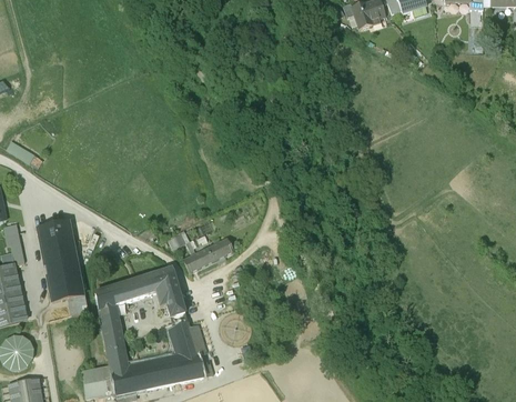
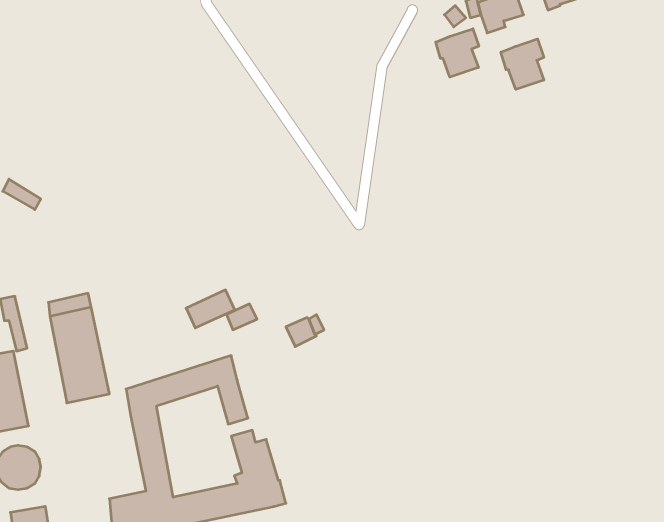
building: none -> [436,29,479,77]
building: none -> [501,39,544,89]
building: [183,245,219,273] -> [186,290,235,328]

